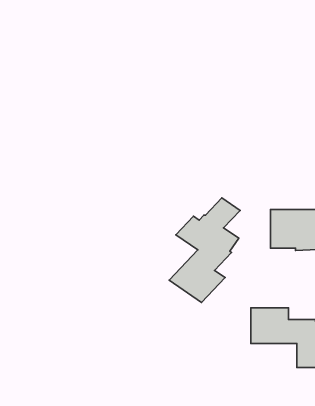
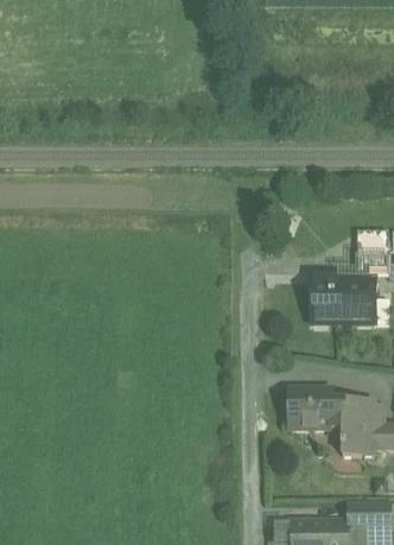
building: [169,198,240,303] -> none

